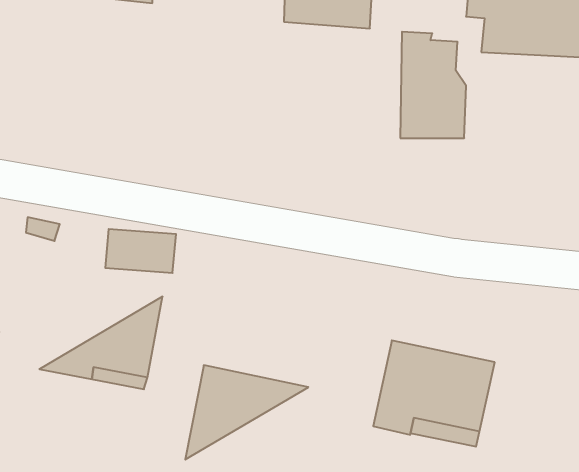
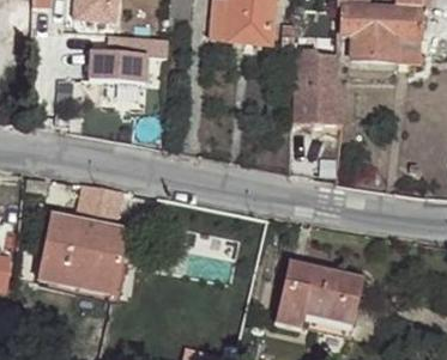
building: none -> [87,35,167,86]
building: [185,365,308,460] -> [37,215,125,282]

